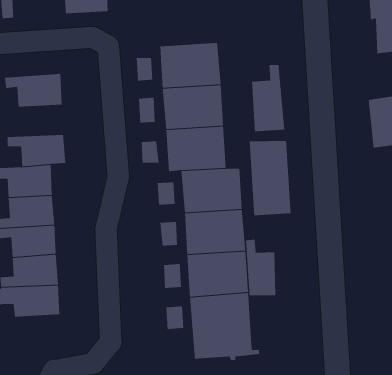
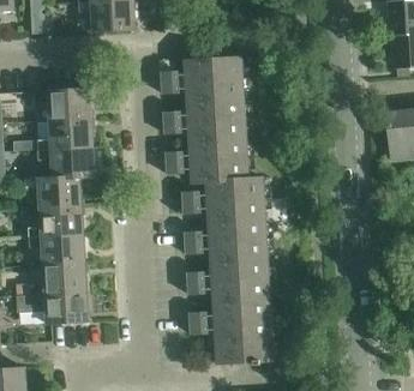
building: [252,64,285,132] -> none
building: none -> [35,118,91,149]
building: [249,140,291,216] -> none
building: [246,239,276,296] -> none

